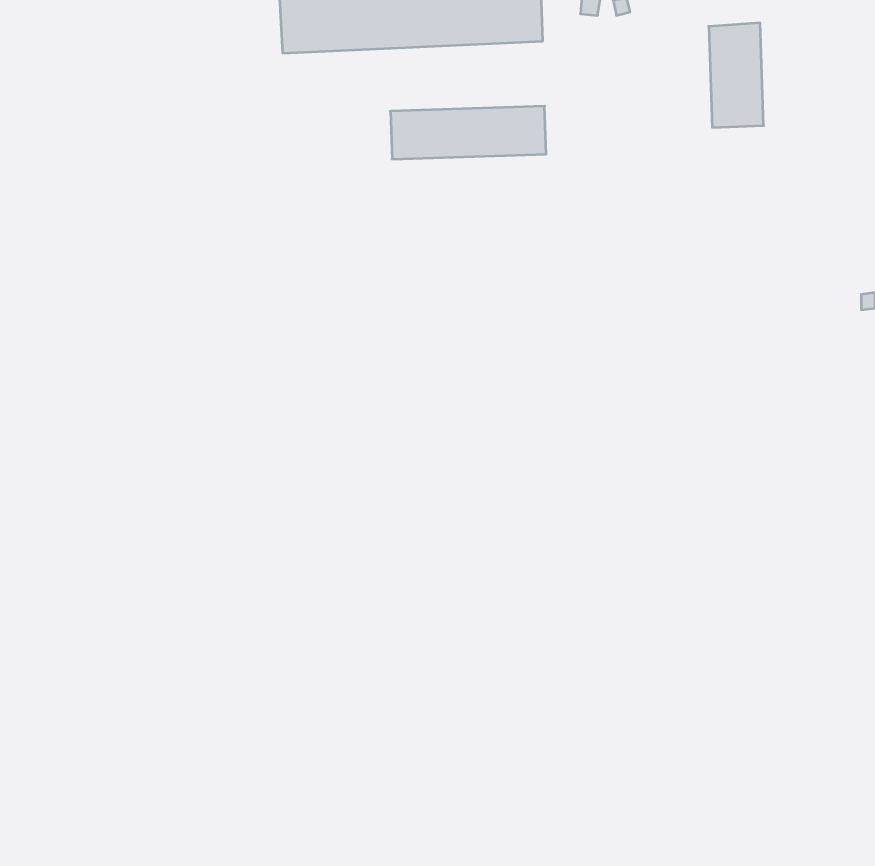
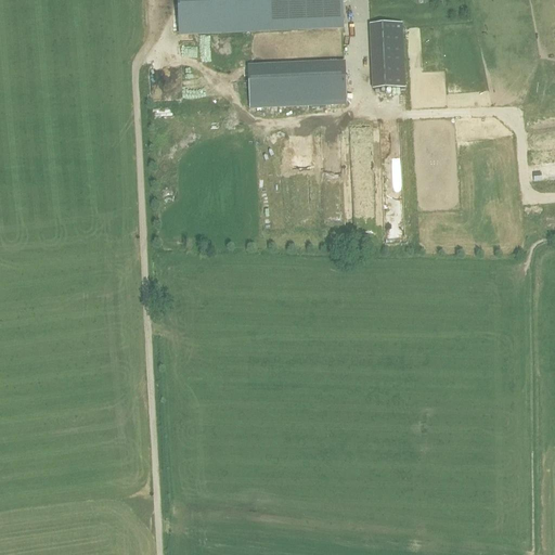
building: [709,23,764,127] -> [370,18,404,85]

